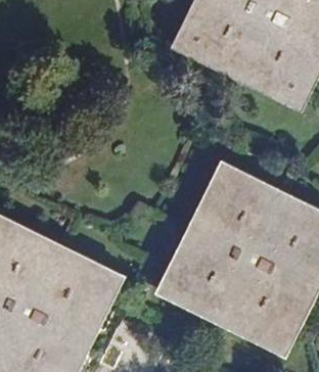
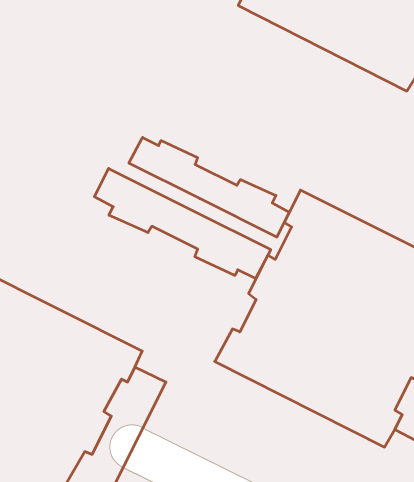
building: none -> [129,137,289,237]
building: none -> [94,168,271,279]

